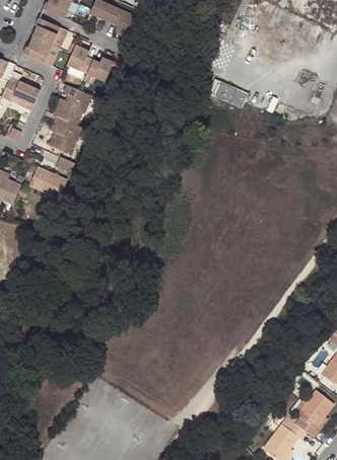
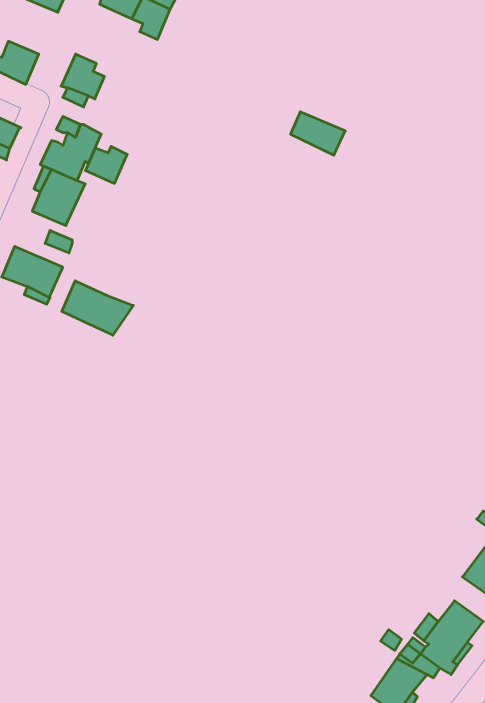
building: [33,18,61,45] -> none
building: [88,58,115,81] -> [85,146,127,183]
building: none -> [62,281,133,335]

